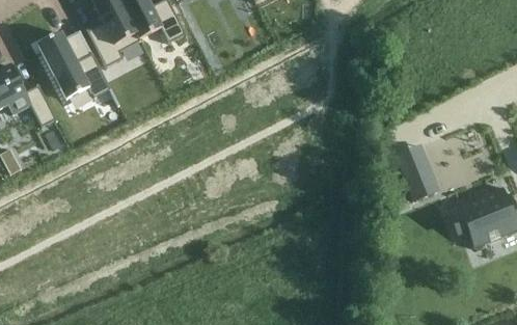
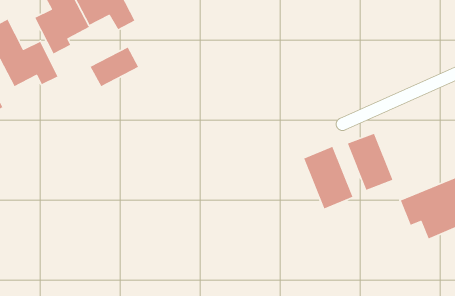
building: none -> [90,46,139,87]
building: none -> [303,146,353,209]

